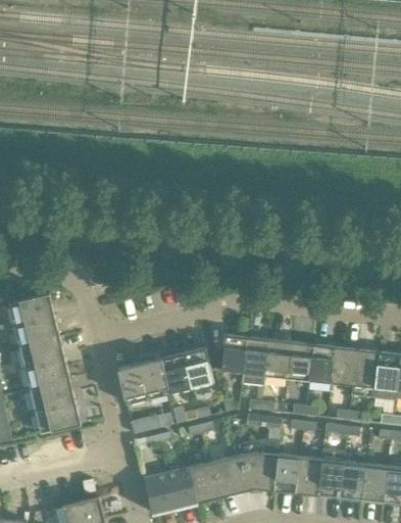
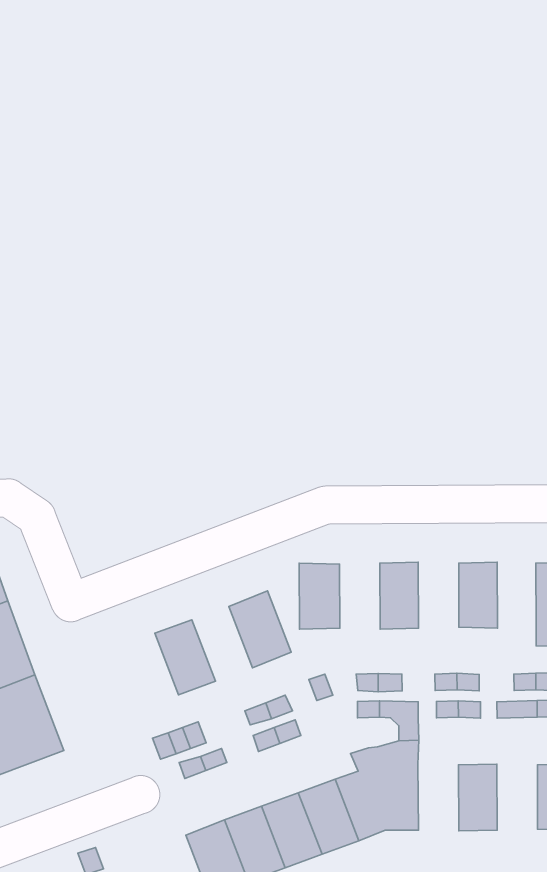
building: [241,337,268,386] -> none
building: [286,341,312,380] -> none
building: [330,346,355,385] -> none
building: [160,353,191,394] -> none
building: [116,364,148,405] -> none
building: [316,449,344,497] -> none
building: [272,454,299,493] -> none

